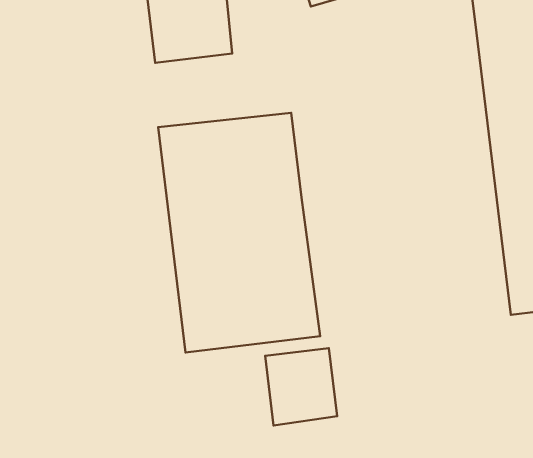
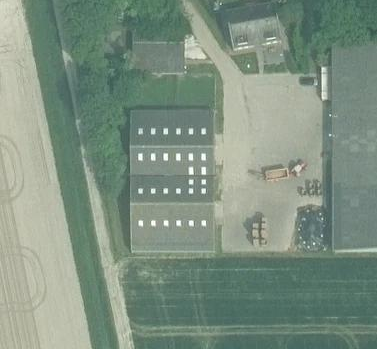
building: [265,348,337,425] -> none

